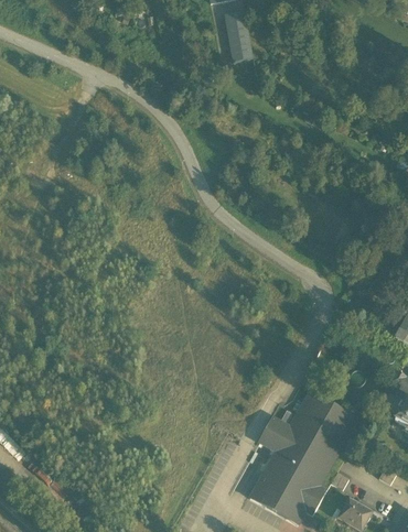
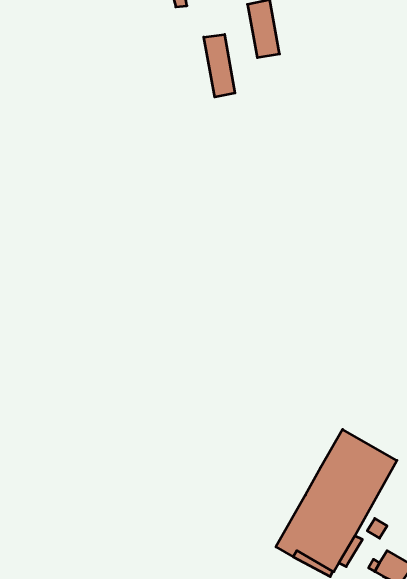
building: none -> [204,34,235,97]
building: [259,415,289,449] -> none

